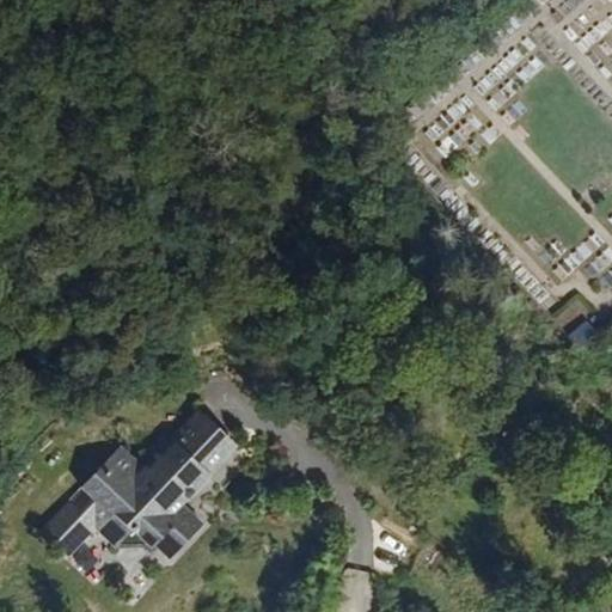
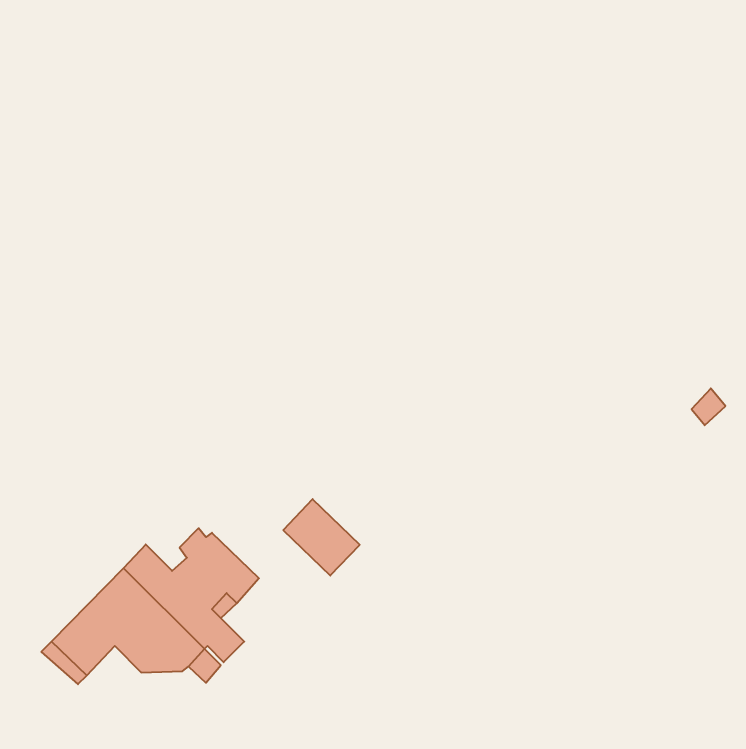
building: [177,410,239,472] -> [283,499,360,576]

